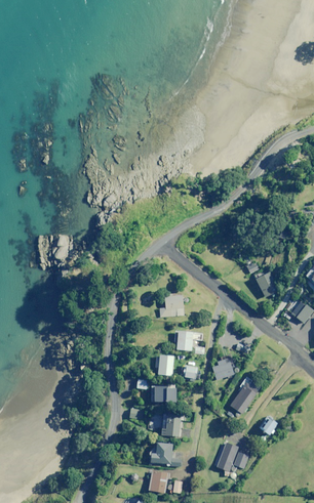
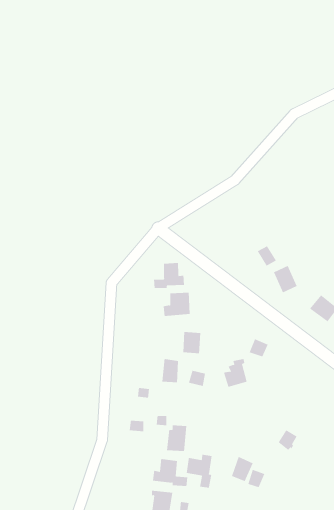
building: none -> [154,262,184,289]
building: [229,378,261,417] -> none
building: [151,384,176,403] -> none
building: none -> [186,454,212,488]

